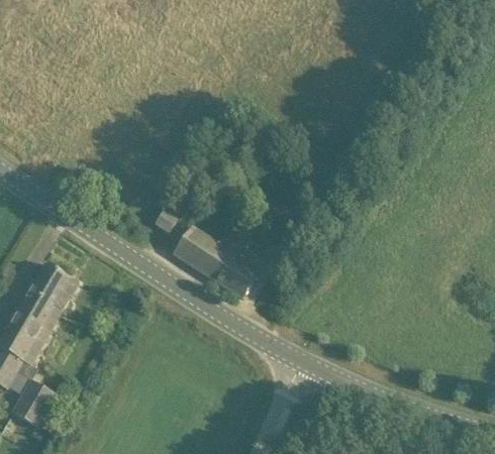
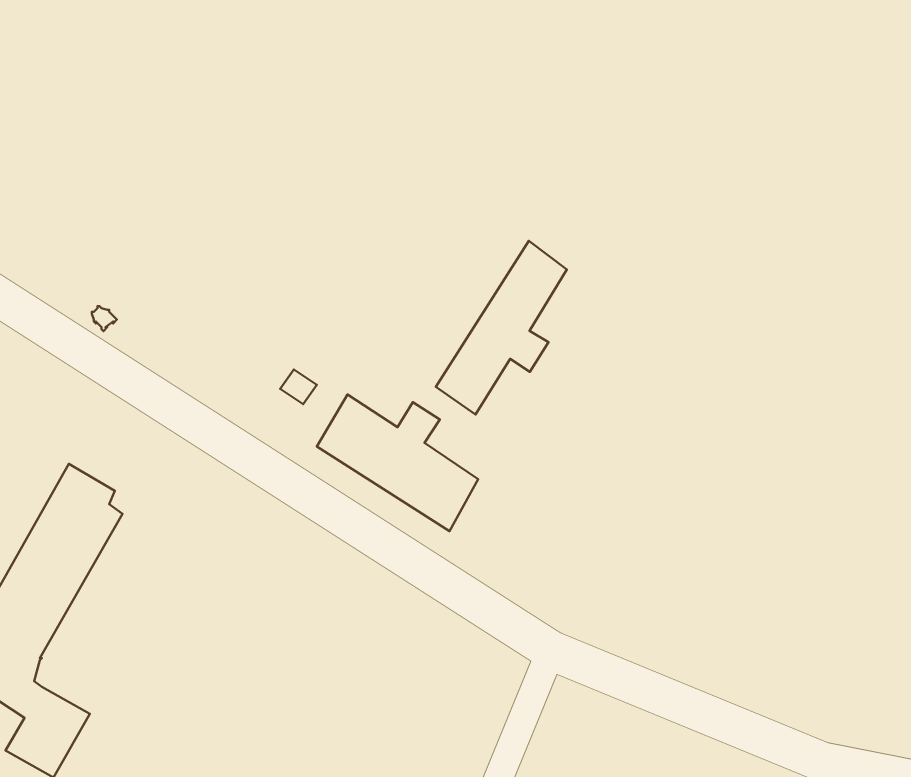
building: none -> [436,241,567,415]

